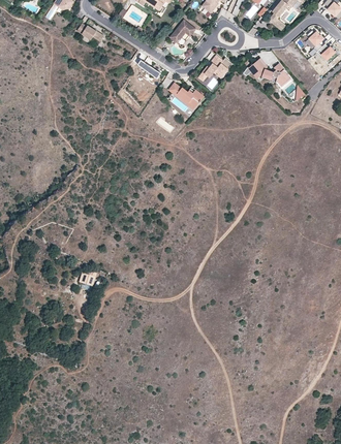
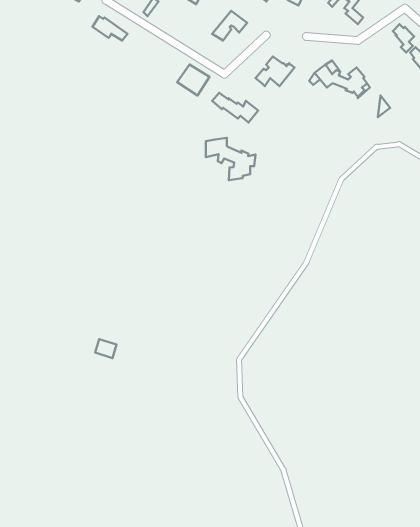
building: none -> [206,138,256,180]

